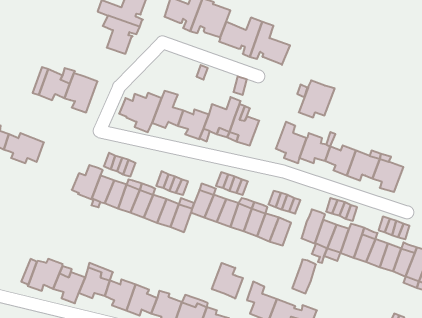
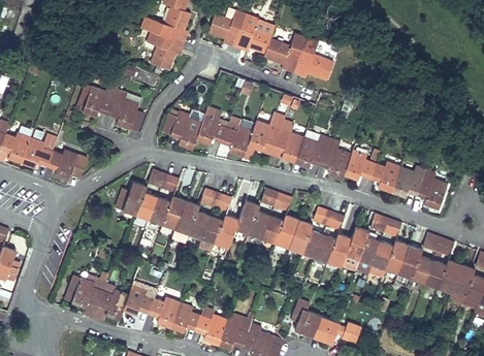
building: [299,80,335,117] -> [294,130,330,167]
building: [292,259,316,293] -> [327,233,351,267]
building: [212,263,243,299] -> none

